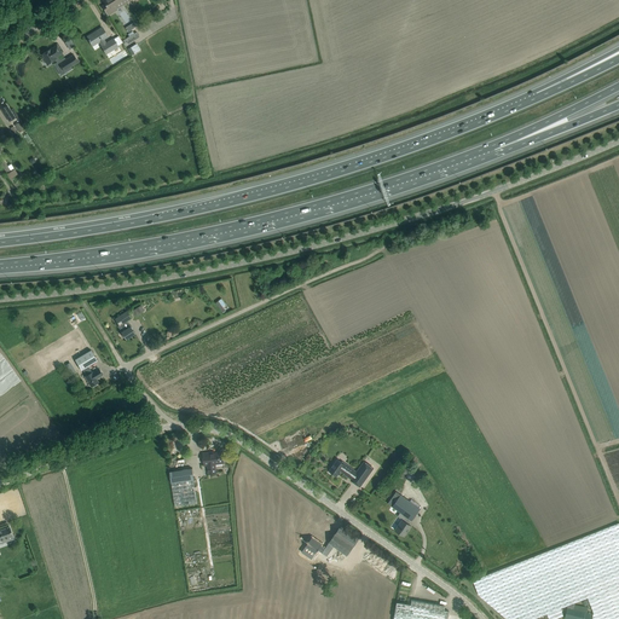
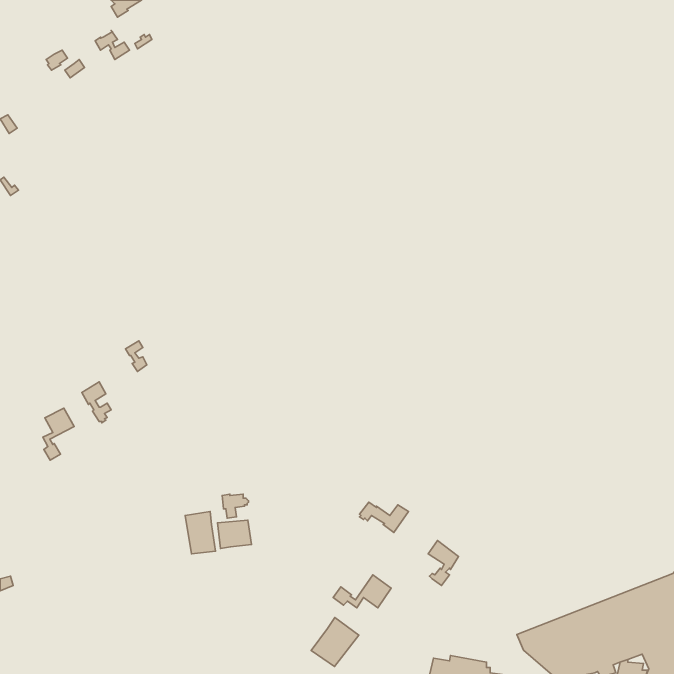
building: none -> [43,408,74,460]
building: none -> [217,520,251,549]
building: none -> [311,617,359,666]

